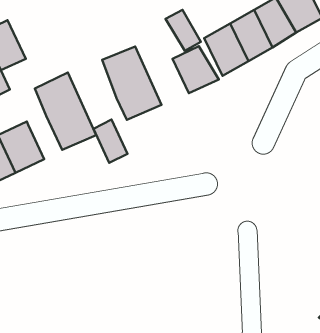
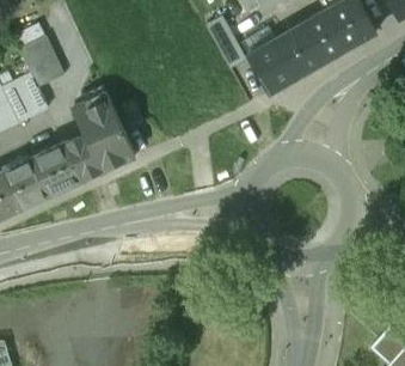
building: [172,46,219,93] -> none
building: [102,47,161,120] -> none
building: [93,120,127,163] -> [63,136,99,182]

